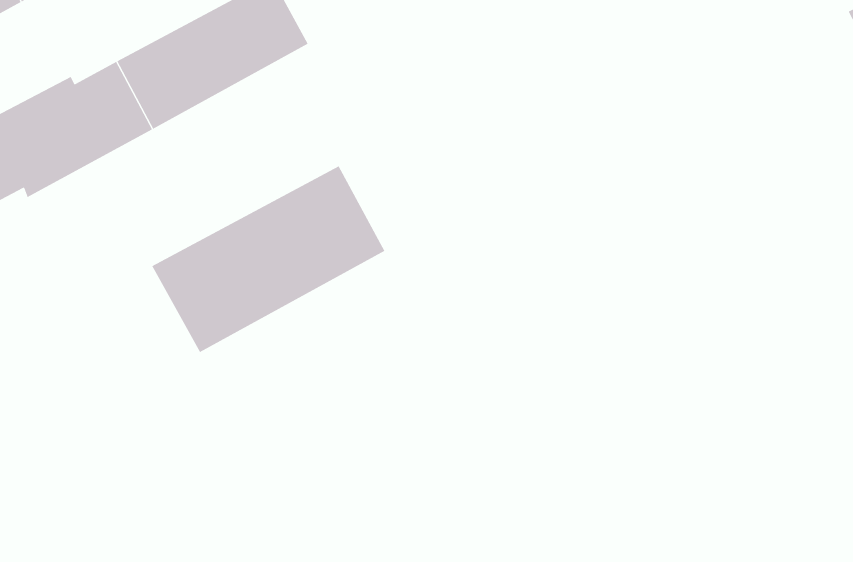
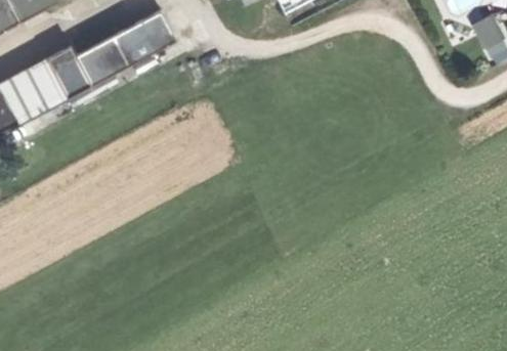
building: [151,165,385,353] -> none

